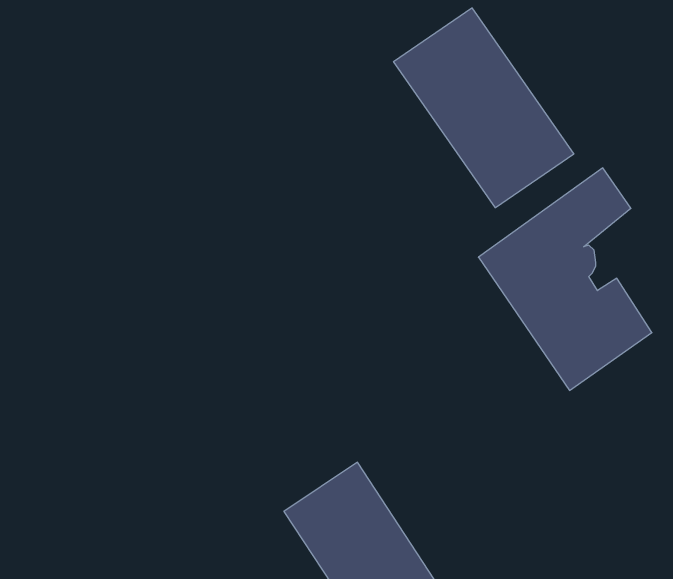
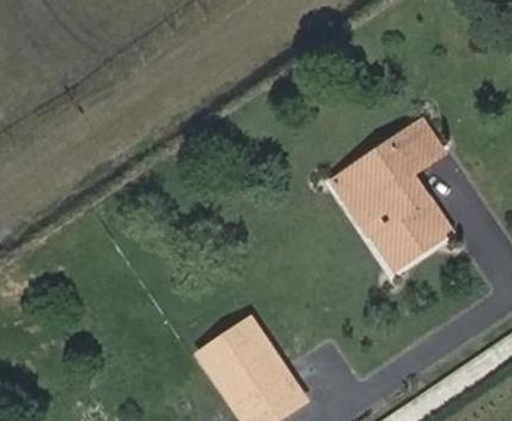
building: [394,8,574,208] -> none

